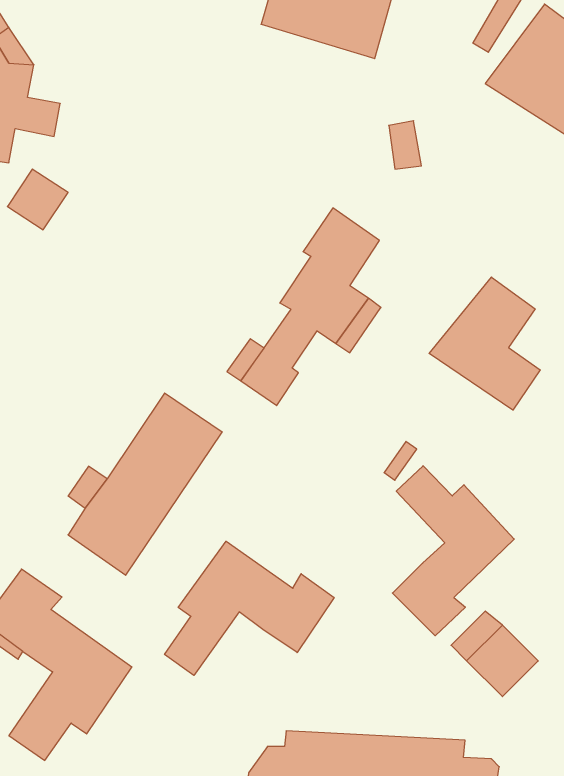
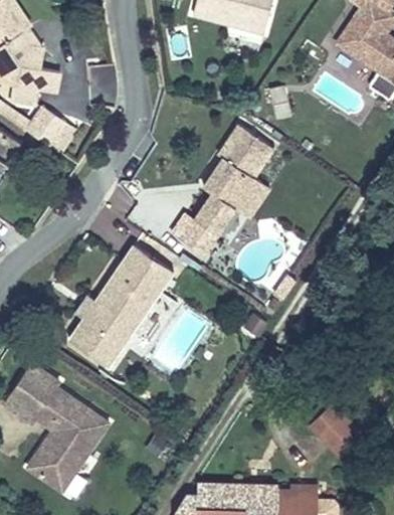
building: [429,277,540,410] -> none
building: [392,466,514,636] -> none
building: [165,541,334,675] -> none

